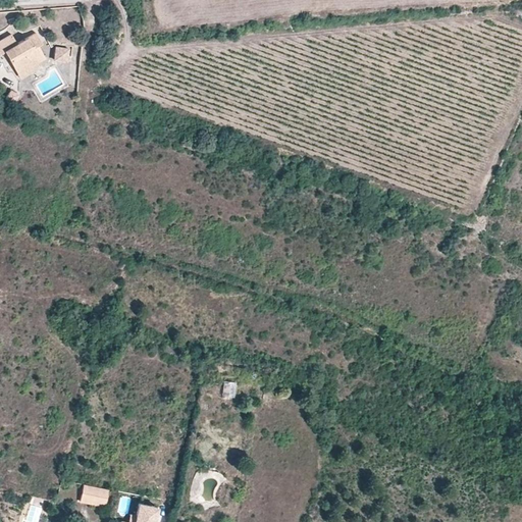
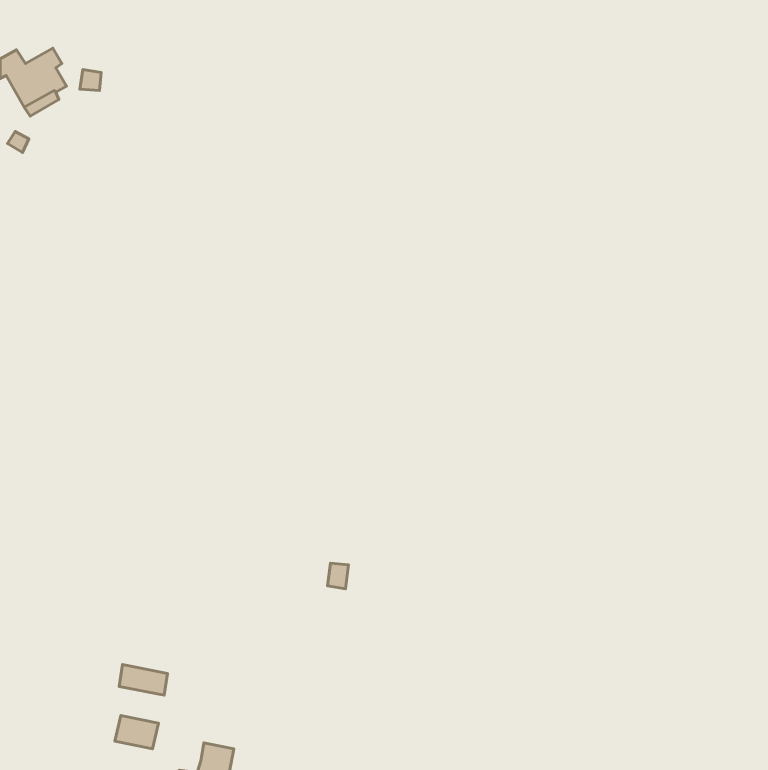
building: none -> [119,665,167,695]

